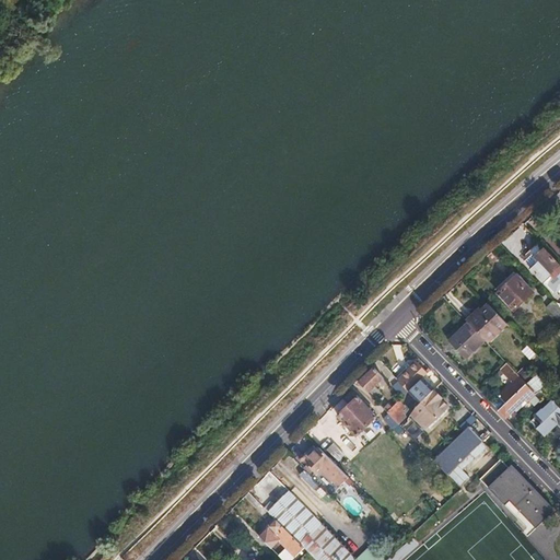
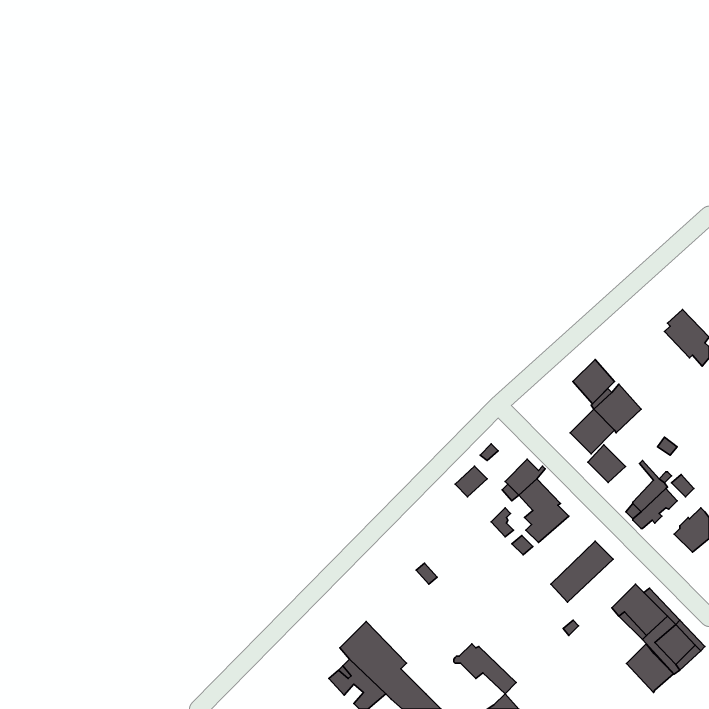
building: [499,276,532,311] -> [573,359,615,404]
building: none -> [588,445,625,483]
building: [338,397,376,434] -> none
building: [299,446,348,486] -> [454,644,516,694]
building: none -> [627,644,673,693]

